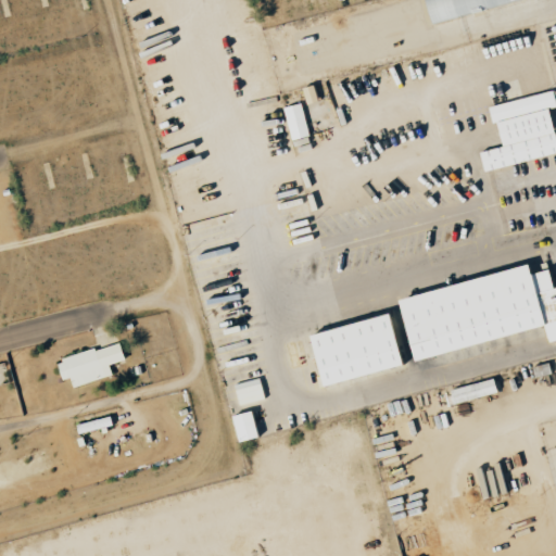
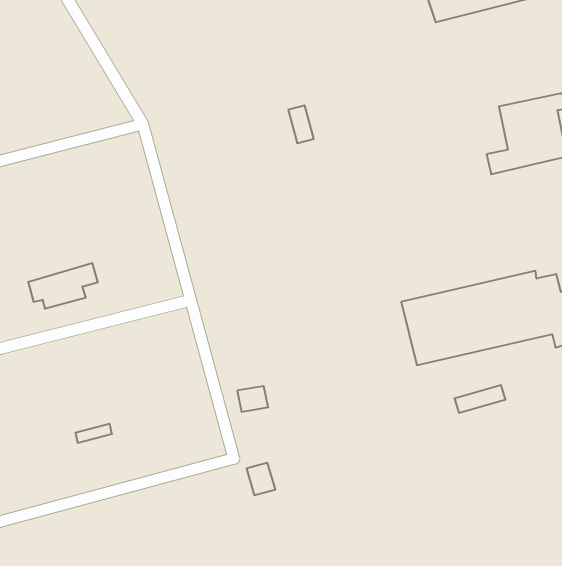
building: [306,313,402,386] -> none
building: [59,341,127,386] -> [28,263,98,309]
building: [232,409,261,441] -> [247,463,275,495]

